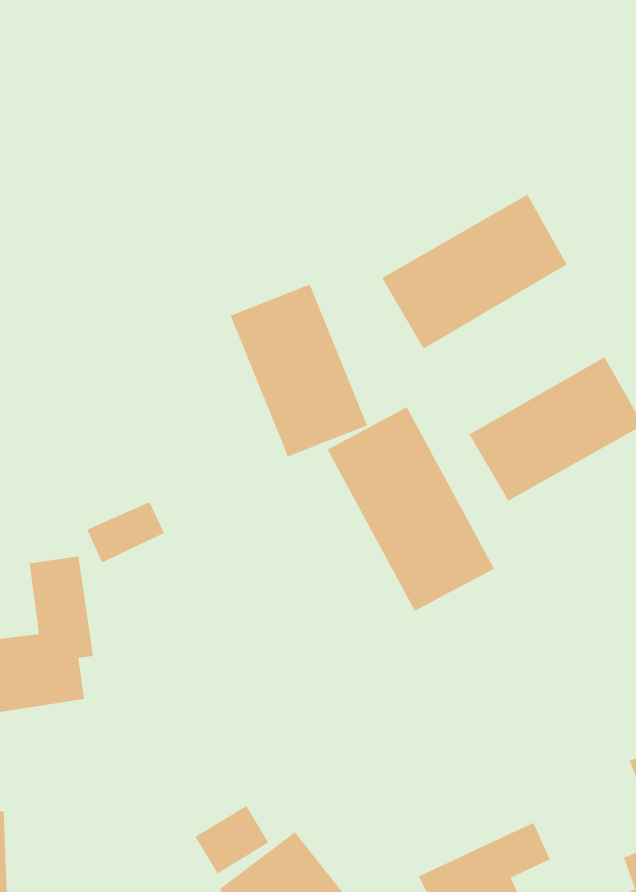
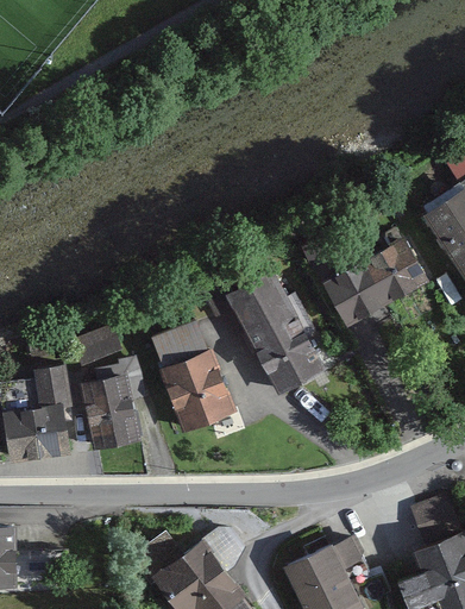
building: [382,194,568,349] -> none
building: [230,284,368,457] -> [146,320,234,431]
building: none -> [80,375,144,451]

